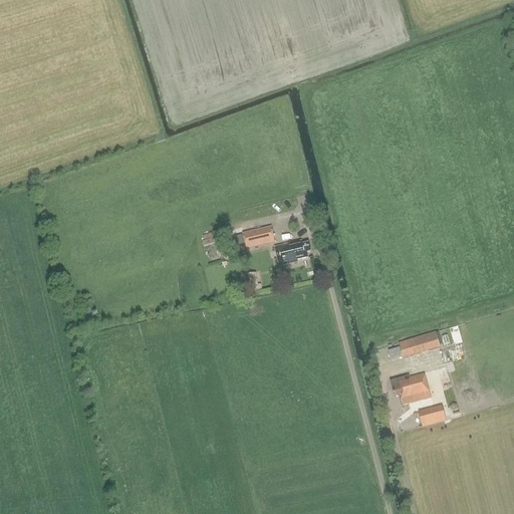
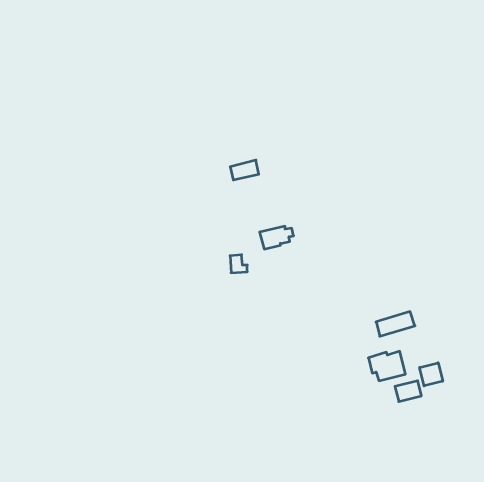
building: [244,226,274,247] -> [230,160,259,180]
building: none -> [420,363,443,386]

